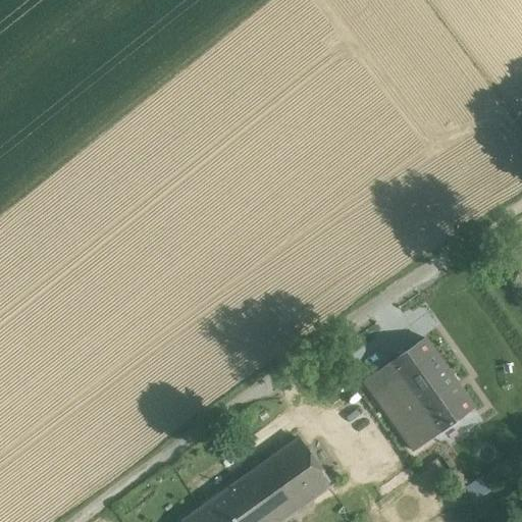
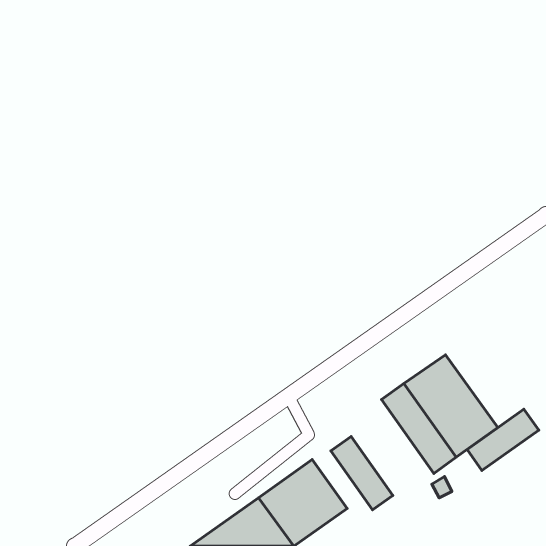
building: none -> [467,409,539,471]
building: none -> [331,437,393,510]

